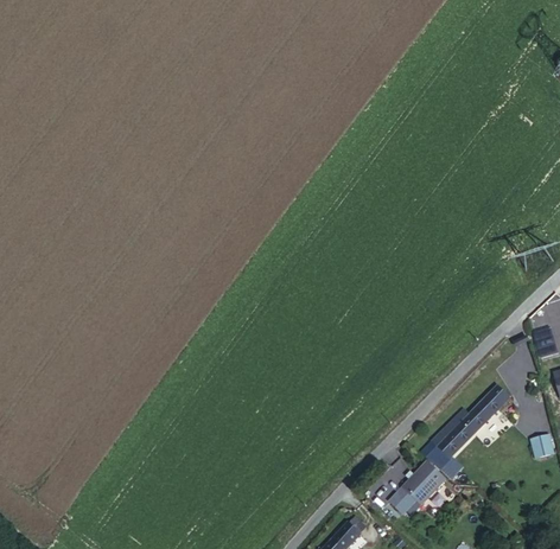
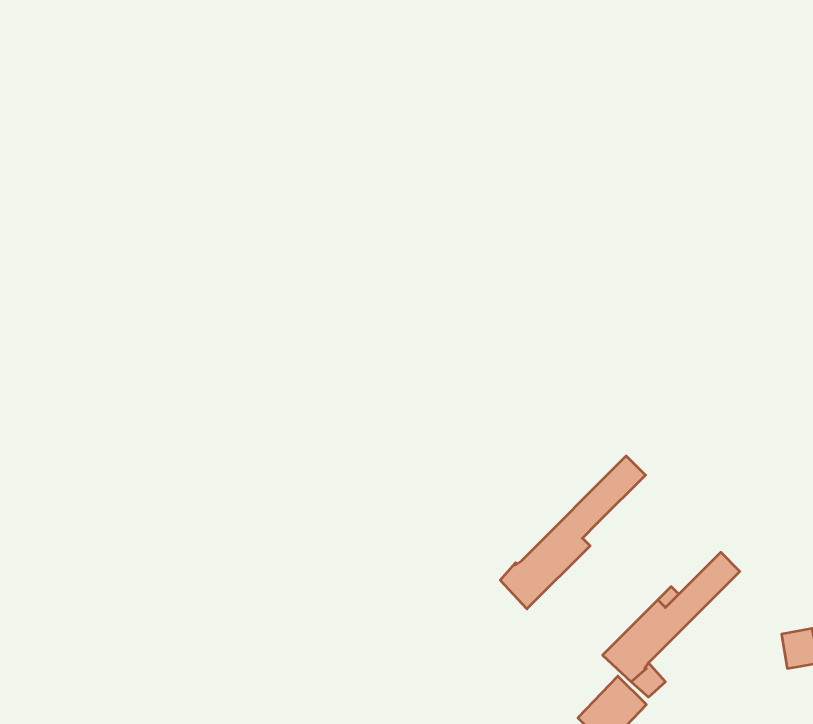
building: none -> [500,456,646,609]

